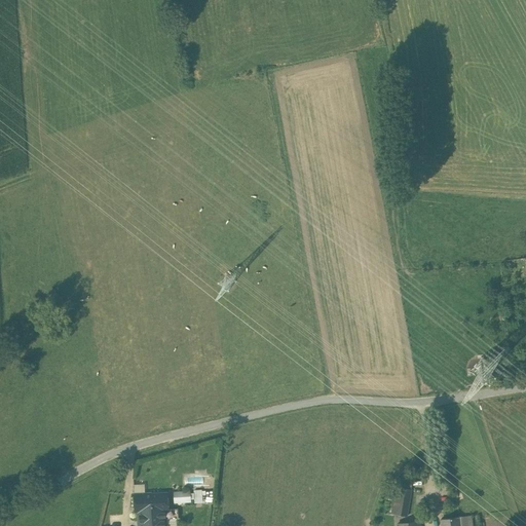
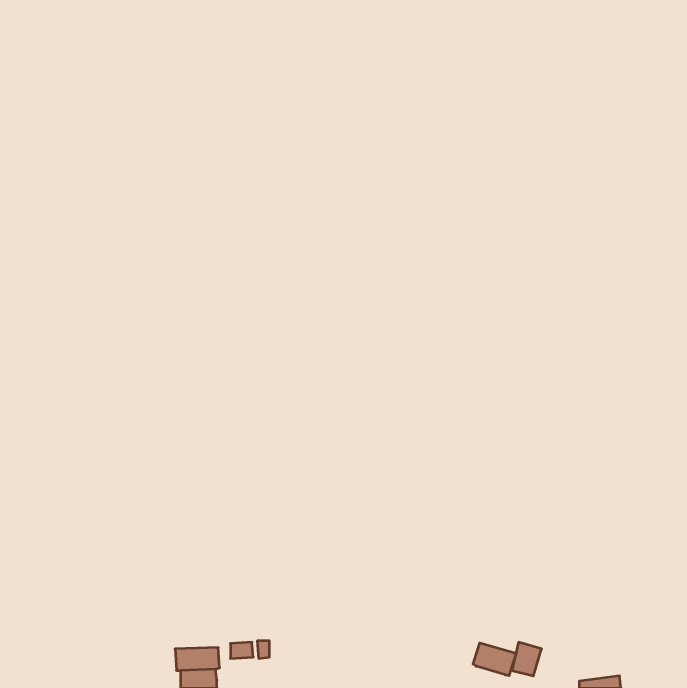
building: none -> [473,643,516,676]

